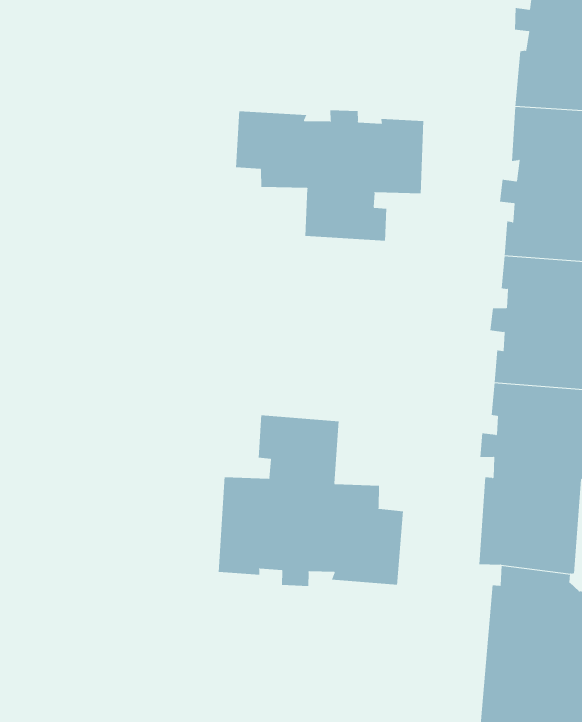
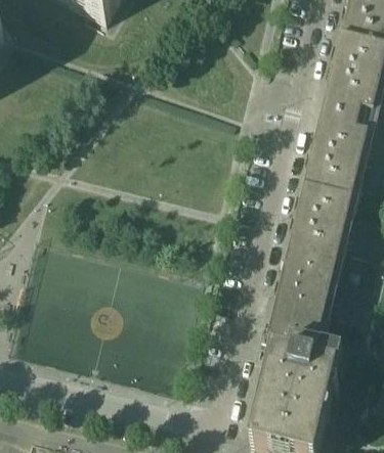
building: [235,110,424,242] -> none
building: [218,414,403,587] -> none

